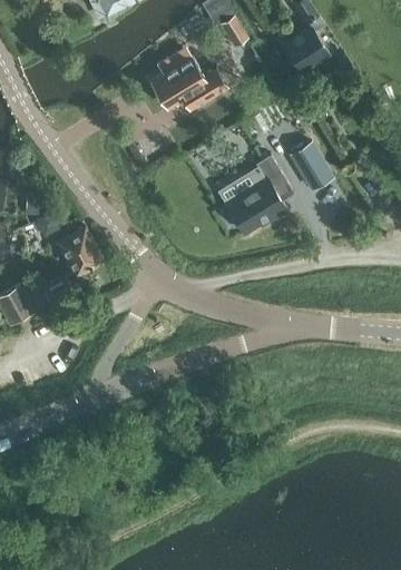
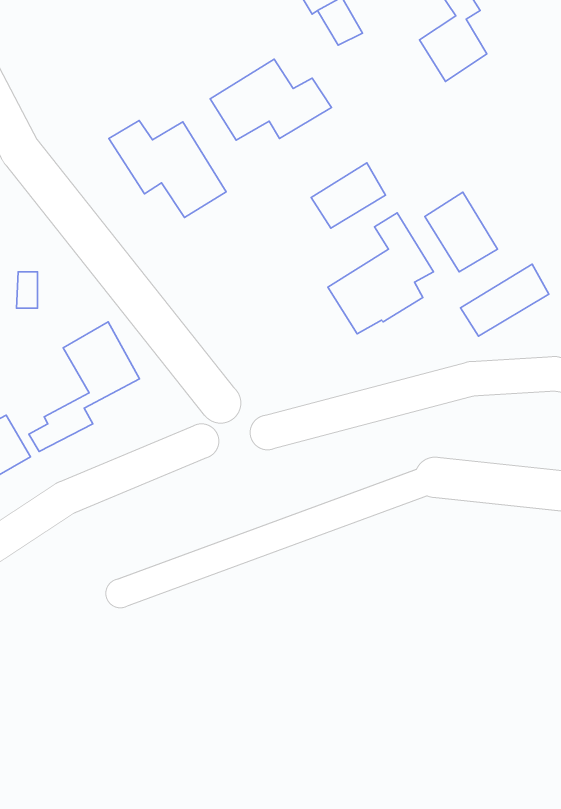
building: none -> [109,120,226,218]
building: none -> [311,163,386,228]
building: none -> [460,264,549,336]

